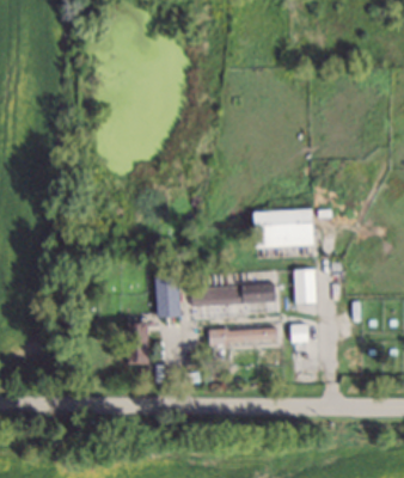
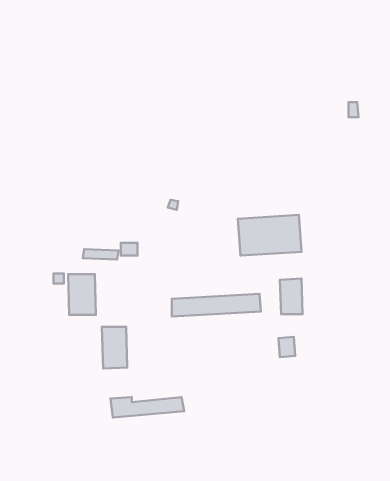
building: [155,277,182,315] -> [68,274,96,315]
building: [209,327,278,347] -> [110,397,184,417]

